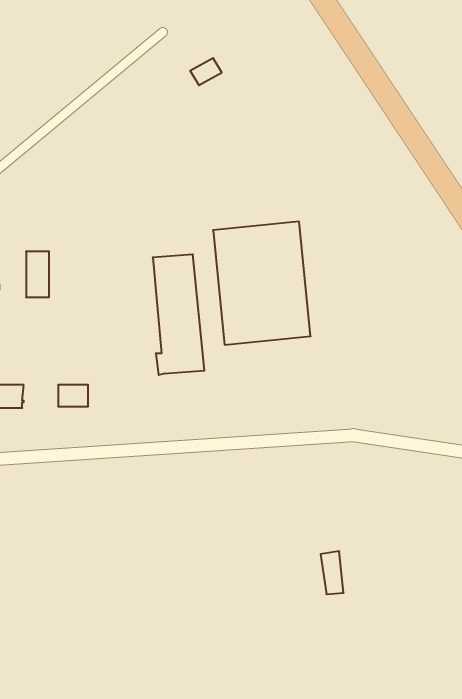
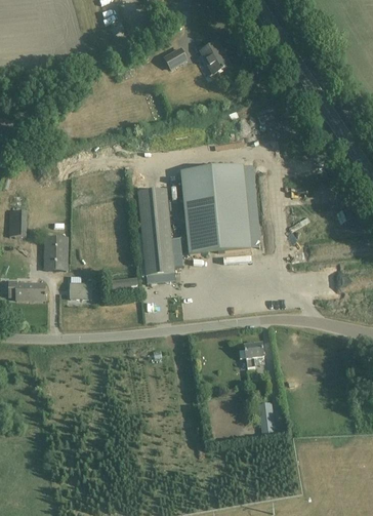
building: none -> [202,41,230,72]
building: [26,251,49,297] -> [50,236,67,269]
building: none -> [239,343,264,367]

